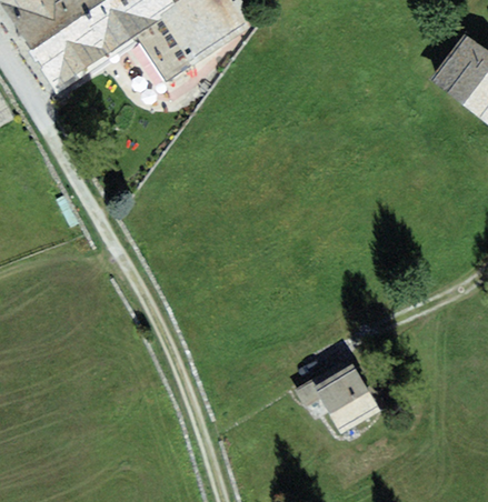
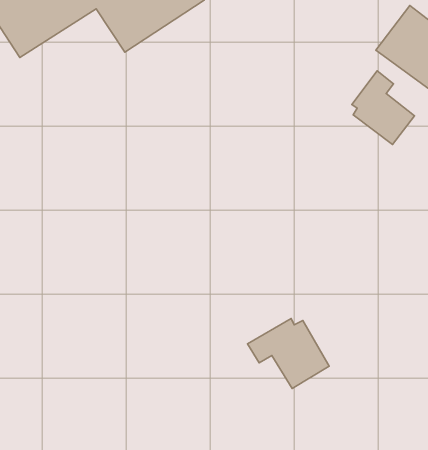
building: none -> [352,71,415,144]

